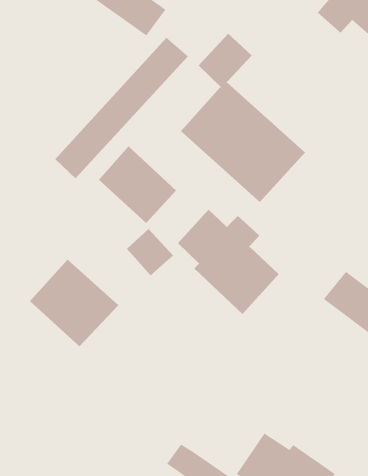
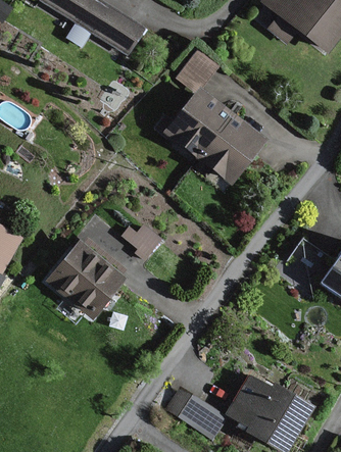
building: [54,37,189,179] -> none
building: [98,146,177,224] -> none
building: [177,209,280,315] -> none

